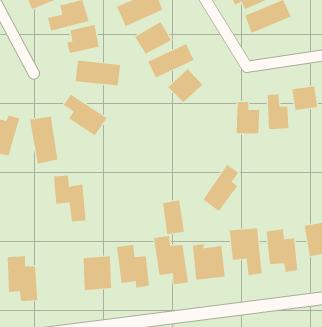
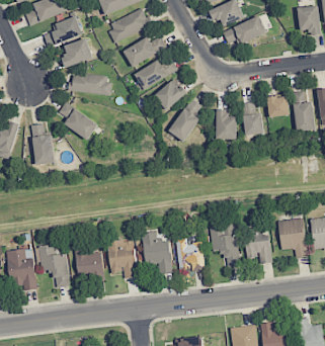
building: [202,164,239,212] -> [169,98,202,142]
building: [53,175,87,222] -> [39,245,70,287]
building: [163,199,184,235] -> none

